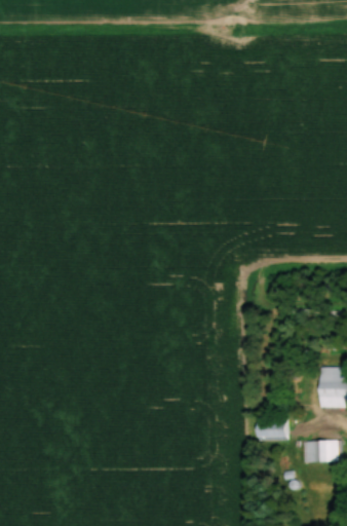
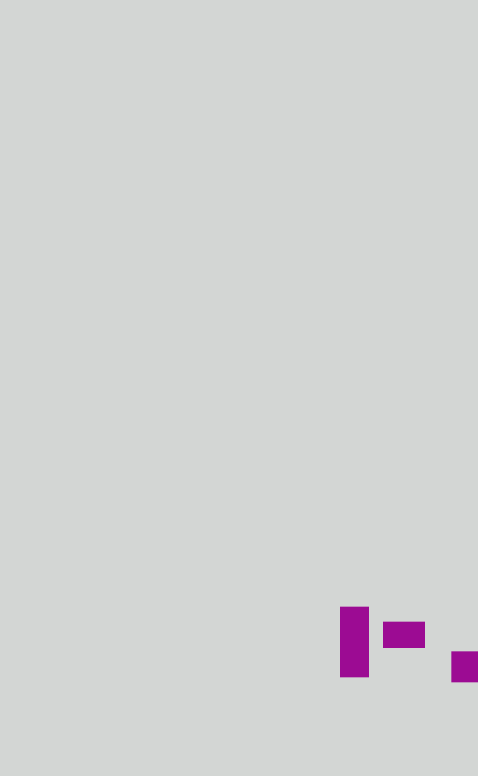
building: none -> [339,606,370,678]

